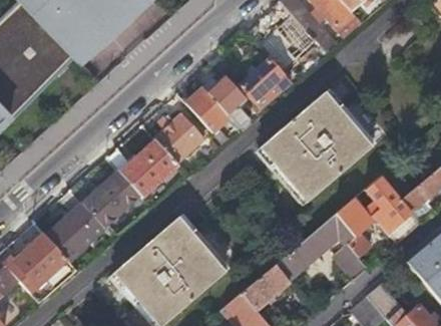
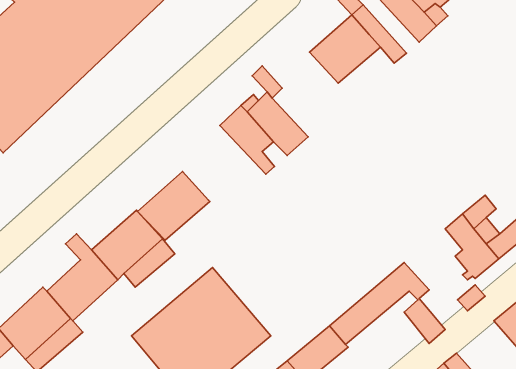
building: [239,60,290,109] -> none
building: [261,92,373,203] -> none
building: [154,113,204,164] -> none
building: [334,196,371,257] -> none

